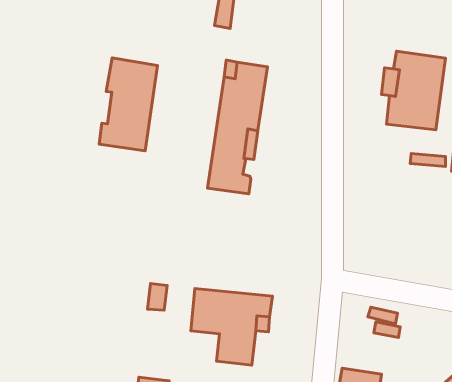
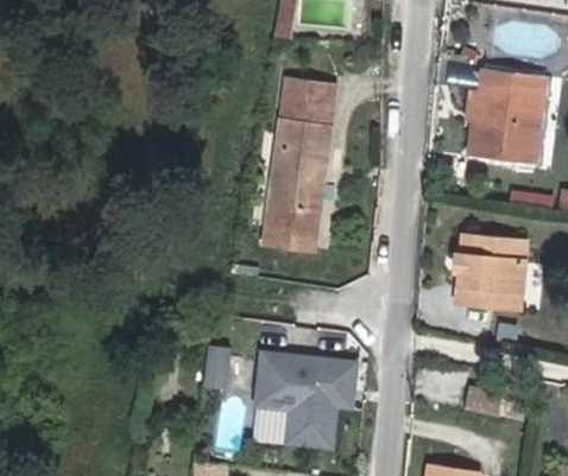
building: [99,58,158,151] -> none
building: none -> [460,248,530,322]

